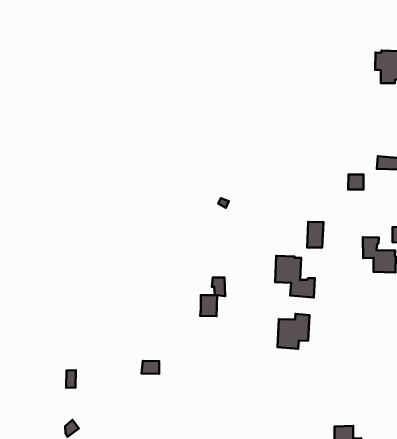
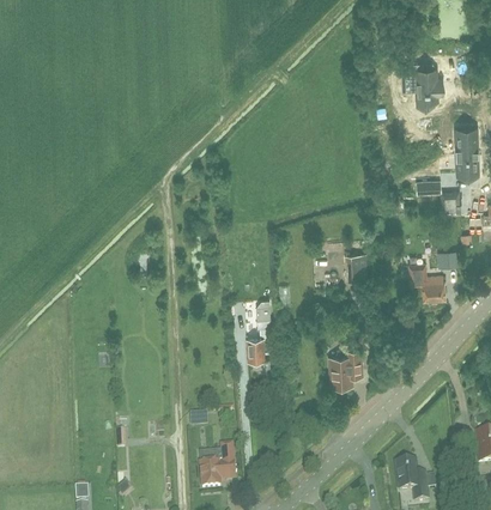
building: [275,256,315,298] -> none
building: none -> [200,441,235,486]

